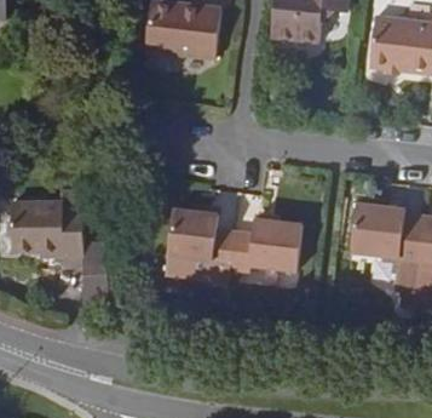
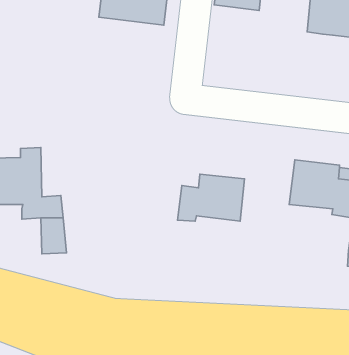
building: [165,211,234,282] -> none

